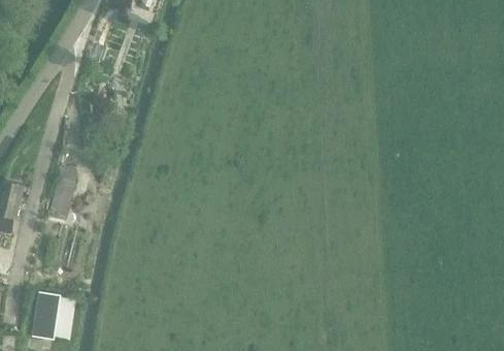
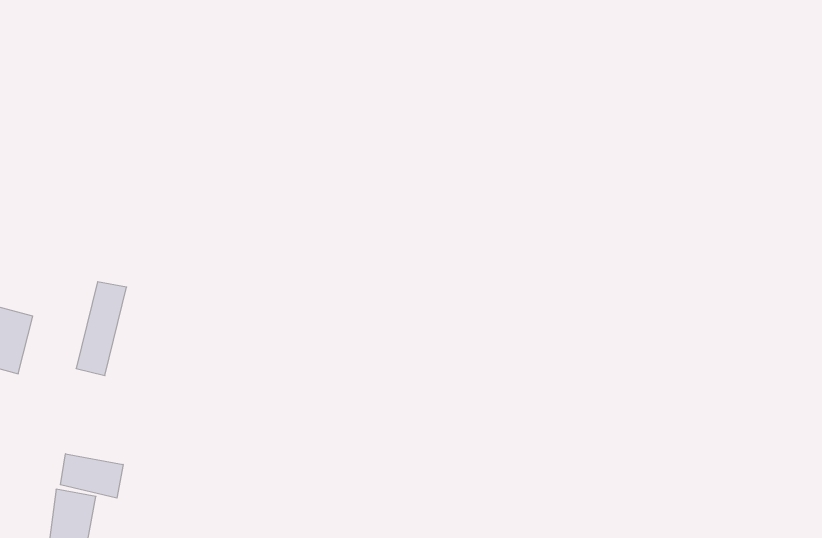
building: none -> [60,454,123,498]

